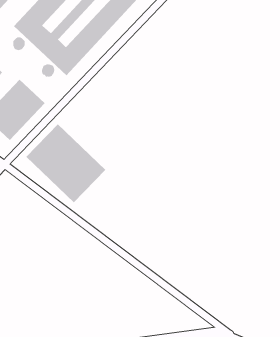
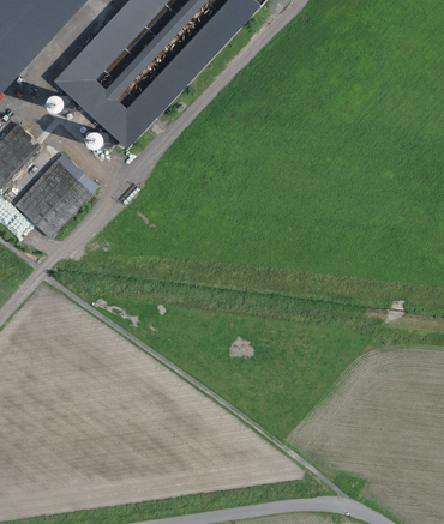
building: [25,123,106,203] -> none

